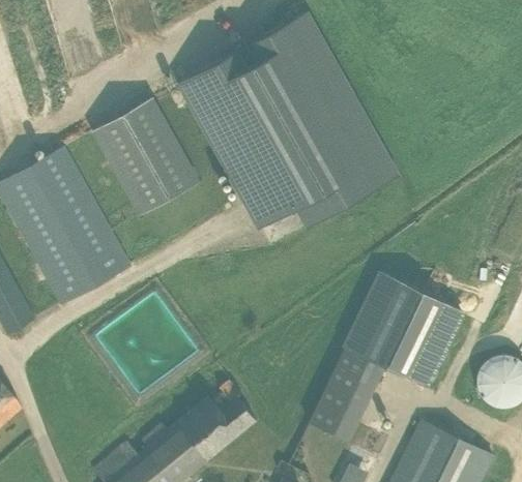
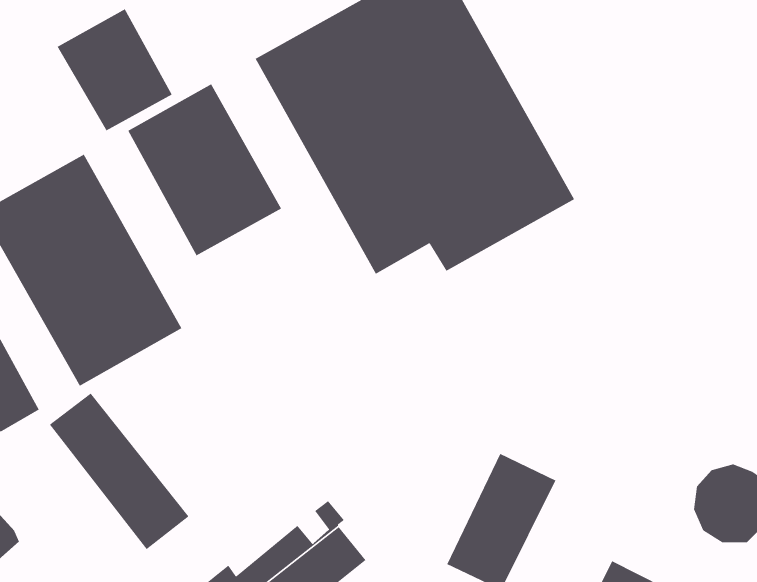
building: none -> [56,8,173,132]
building: [345,273,461,387] -> none
building: none -> [49,393,190,550]

